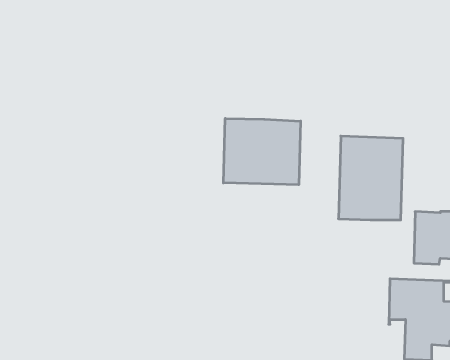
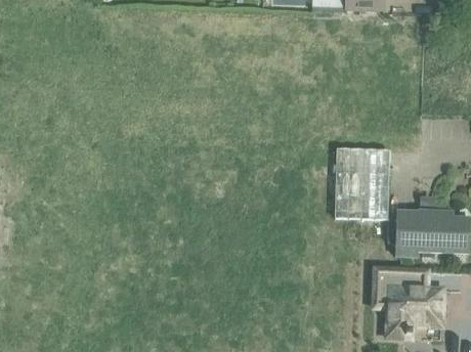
building: [223,118,301,185] -> none

